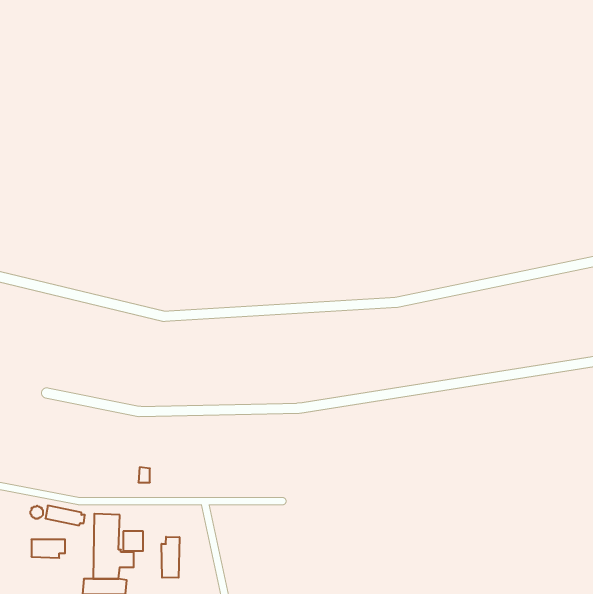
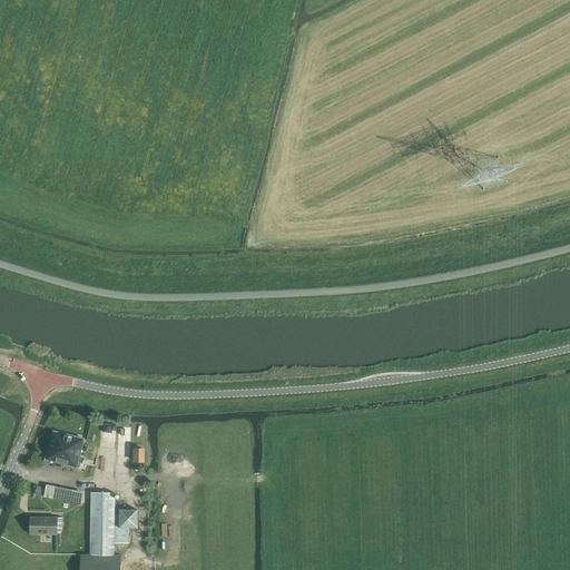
building: none -> [46,435,81,470]
building: [162,537,179,578] -> none

